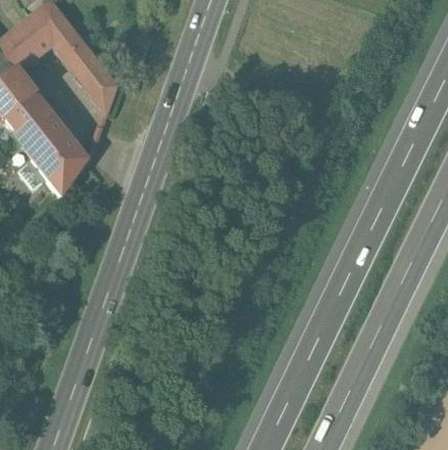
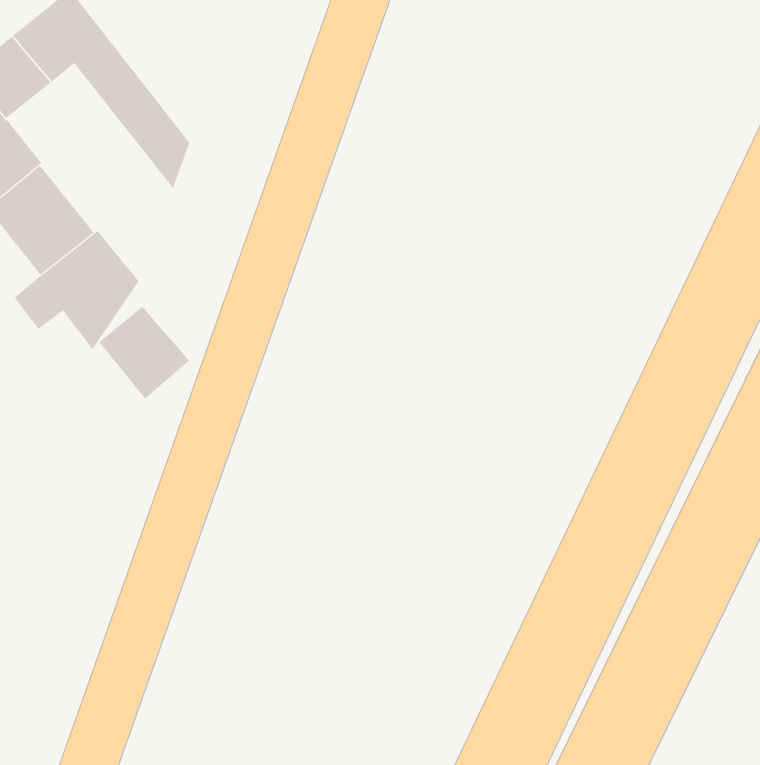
building: none -> [98,306,191,400]

